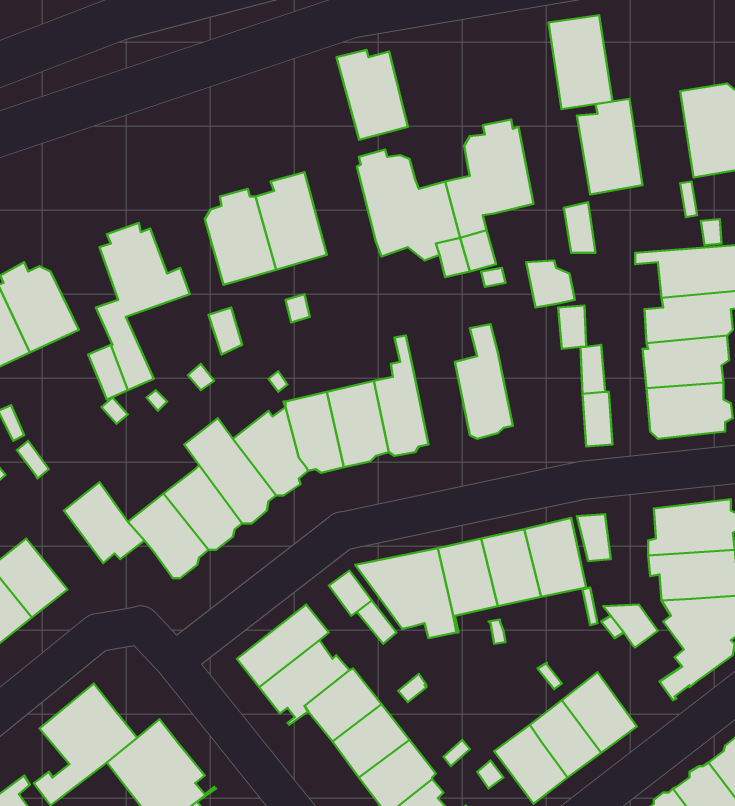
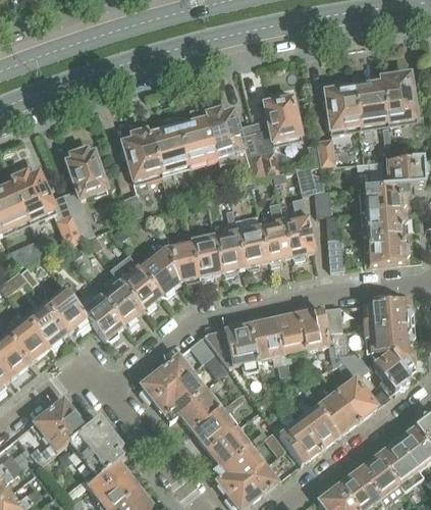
building: [548,15,612,109] -> [353,75,387,126]
building: [337,50,408,140] -> [176,115,215,164]
building: none -> [281,197,315,259]
building: none -> [233,213,266,269]
building: none -> [25,303,67,346]
building: none -> [335,376,376,420]

